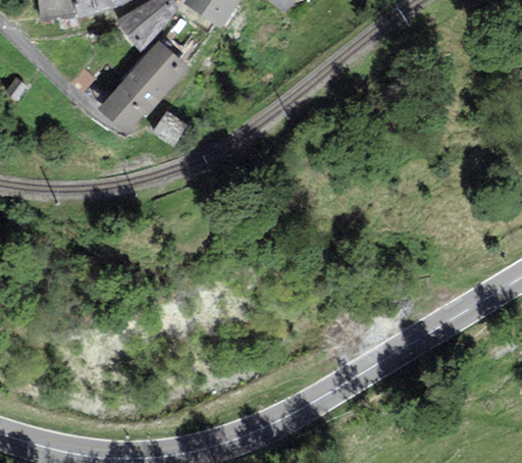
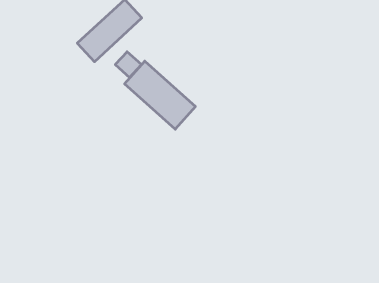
building: none -> [125,61,195,129]

